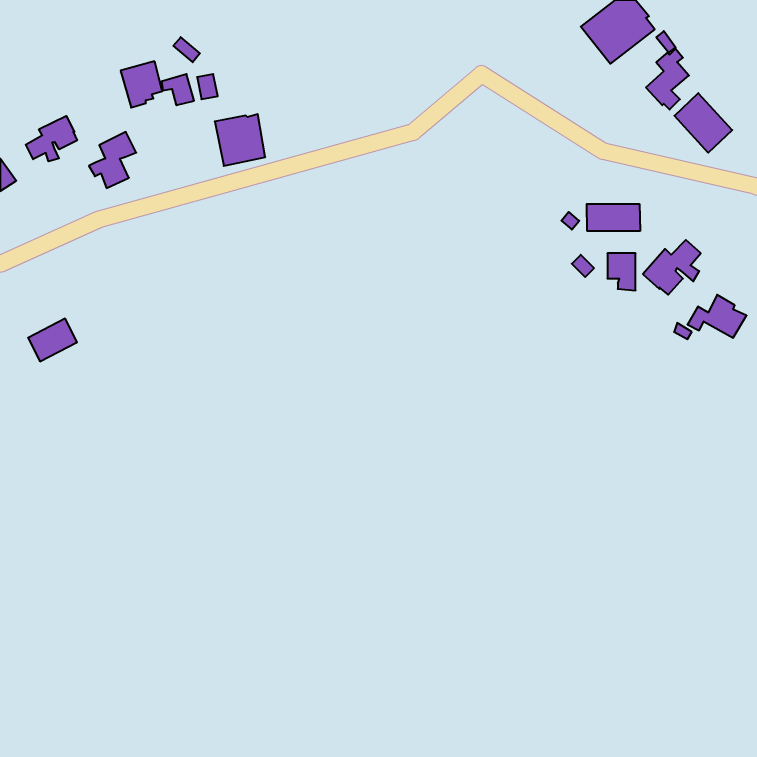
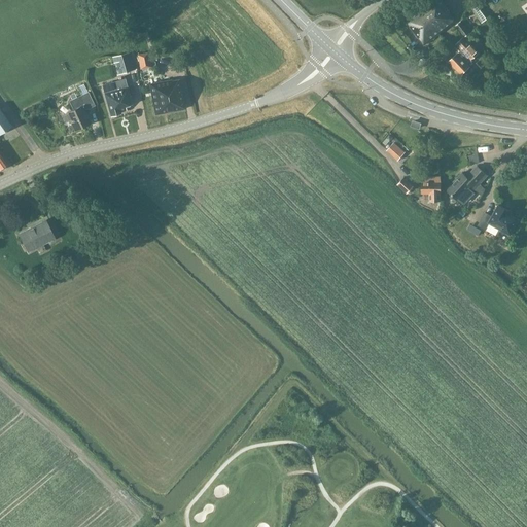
building: [121,62,162,108] -> [103,84,132,116]
building: [674,93,732,153] -> none
building: [26,116,77,161] -> none
building: [587,204,640,231] -> none

